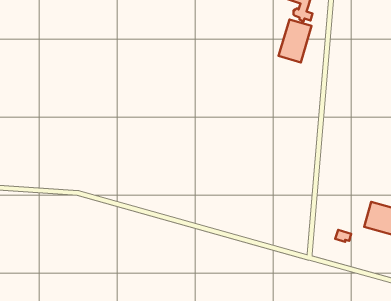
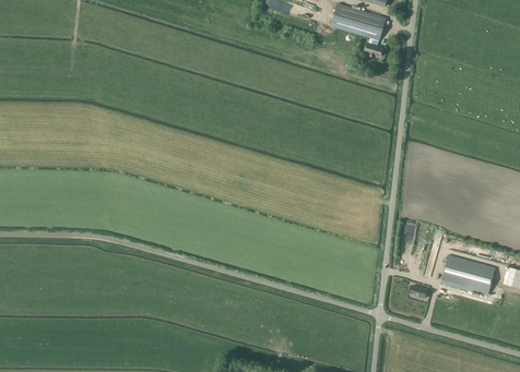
building: [279,19,312,62] -> none

